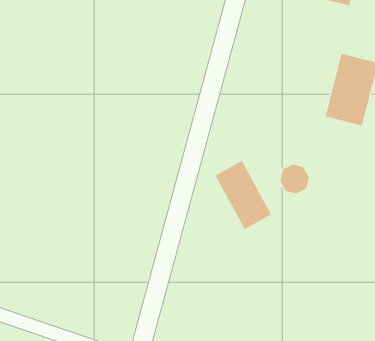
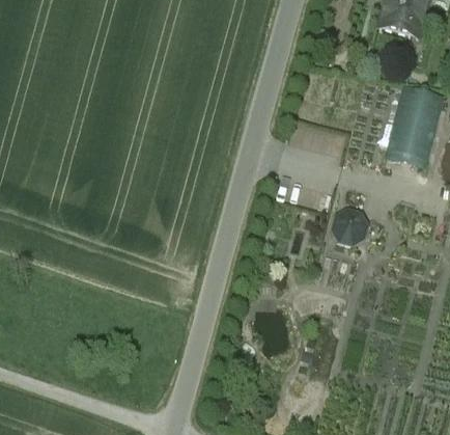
building: [215,160,272,230] -> none

